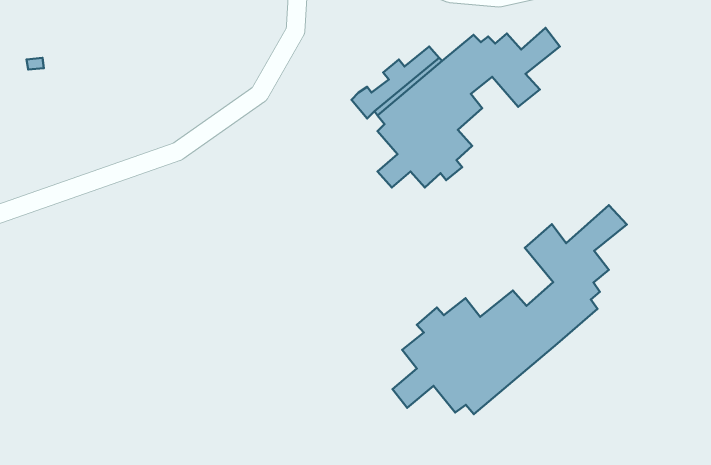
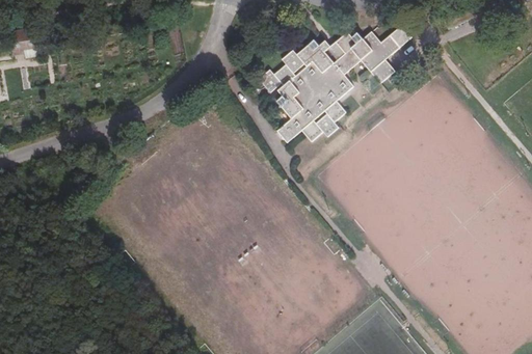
building: [393,205,627,414] -> none

